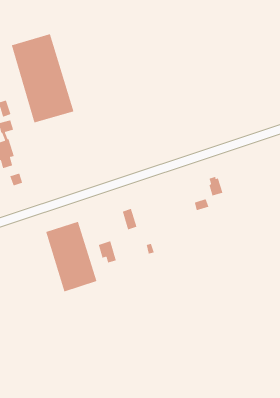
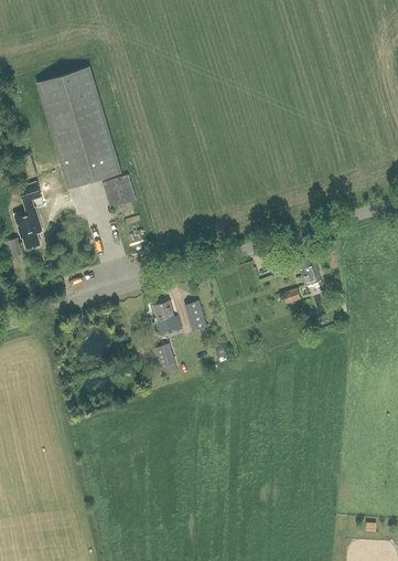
building: none -> [101,174,136,208]
building: none -> [152,299,181,335]
building: [45,221,98,293] -> none

